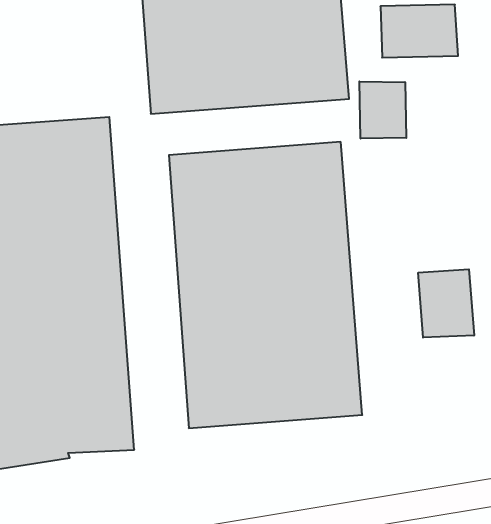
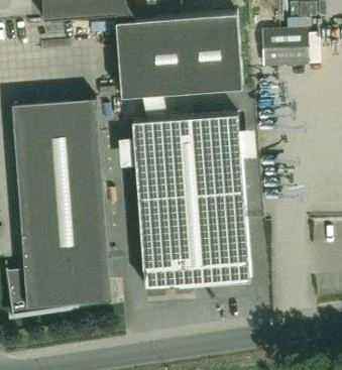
building: [359,81,406,139] -> none
building: [418,269,474,338] -> none

